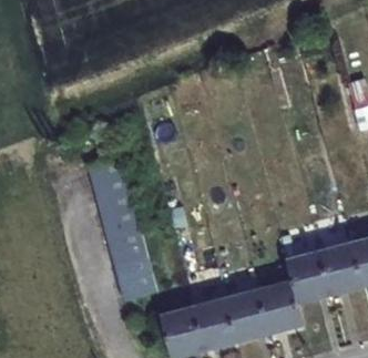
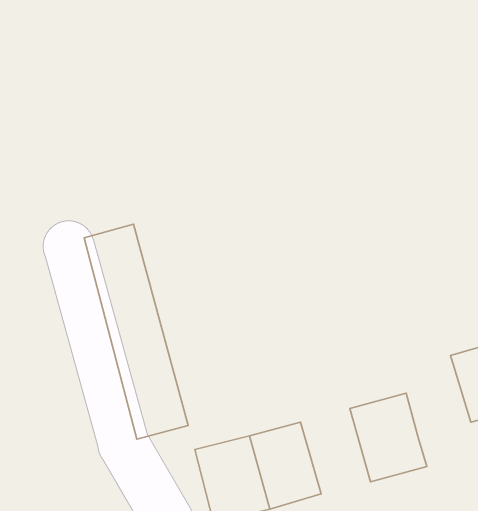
building: [293,249,339,303] -> none
building: [228,284,274,339] -> none

